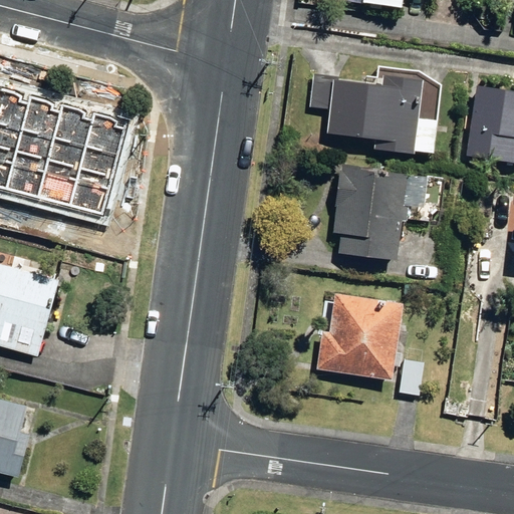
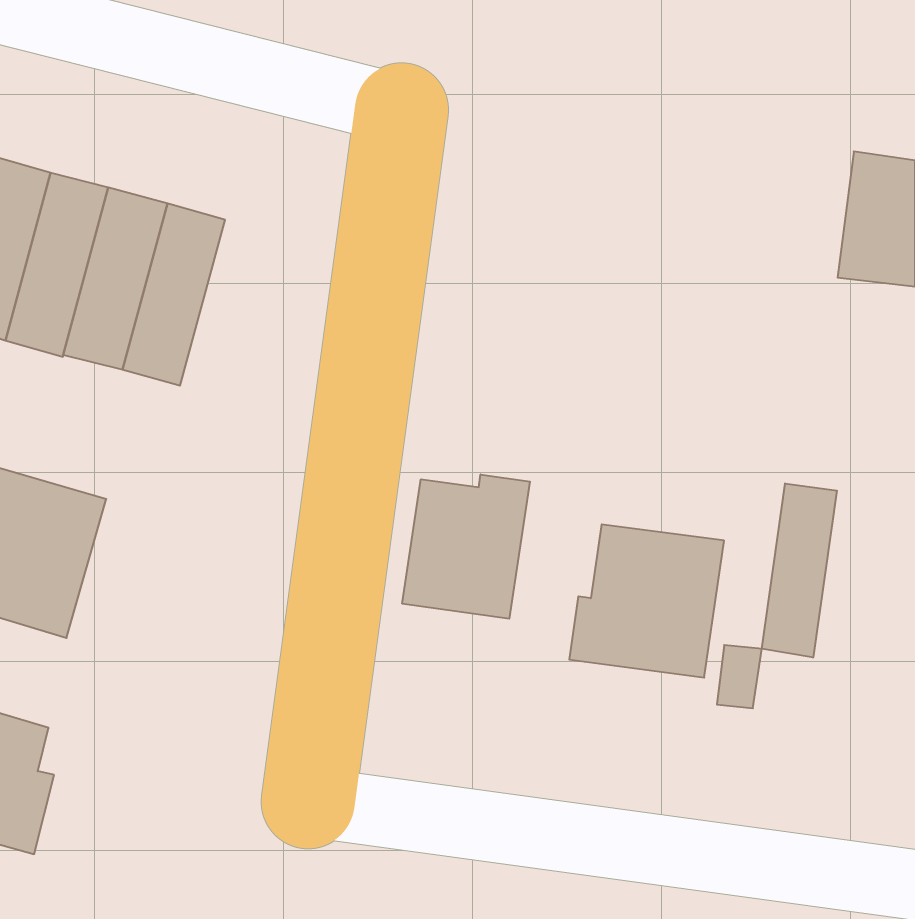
building: [327,73,425,152] -> none
building: [334,166,444,259] -> none
building: none -> [402,474,530,619]
building: none -> [762,483,837,658]

